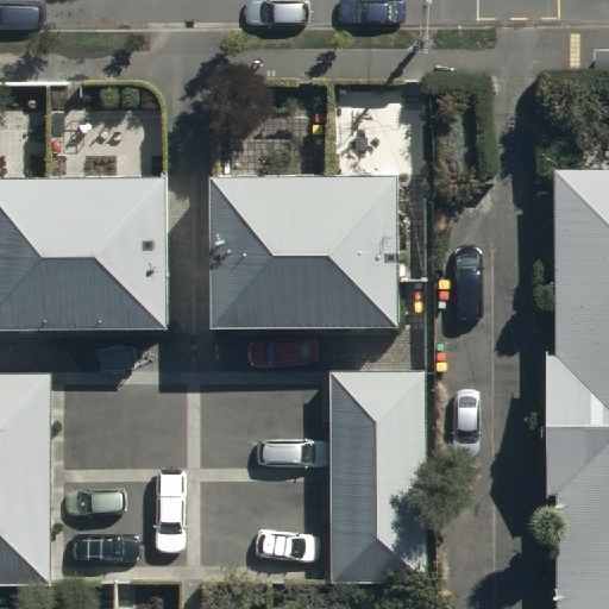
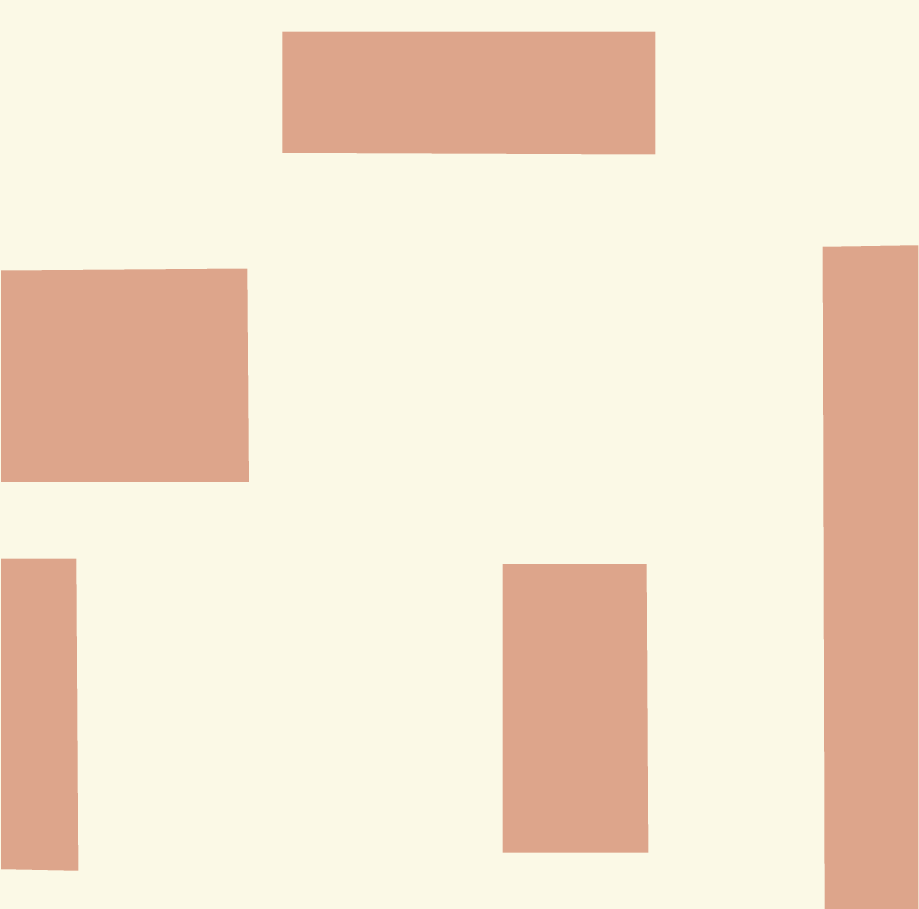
building: none -> [282,31,656,155]
building: [212,178,403,320] -> none

